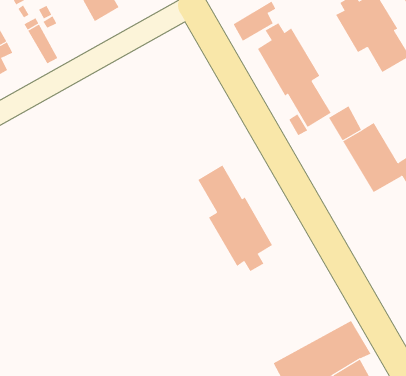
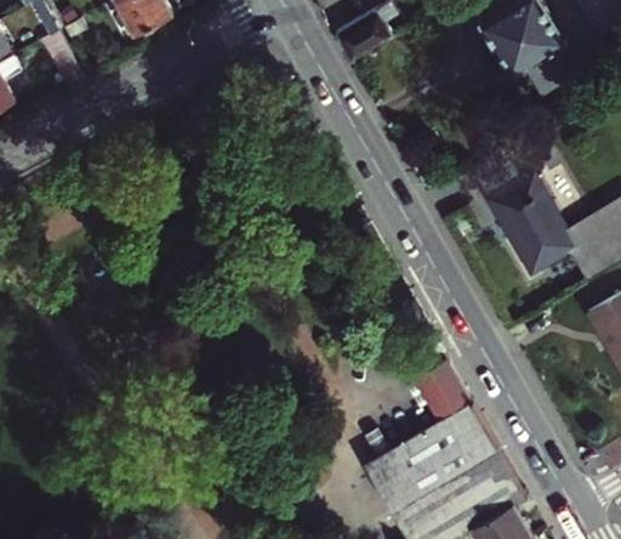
building: [257,23,331,128] -> none
building: [197,164,273,272] -> none
building: none -> [364,361,500,514]

